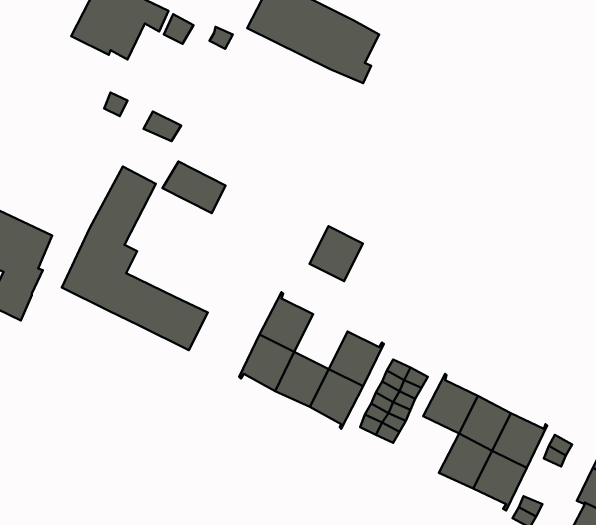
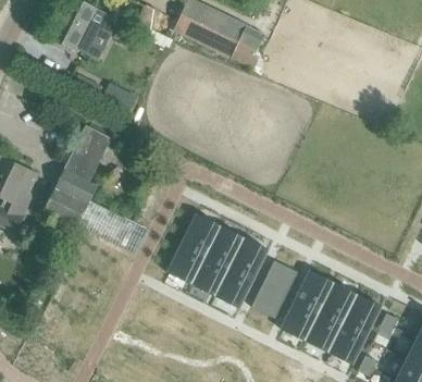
building: [162,161,226,213] -> none
building: [310,226,363,281] -> [206,229,243,267]
building: none -> [281,299,320,338]

